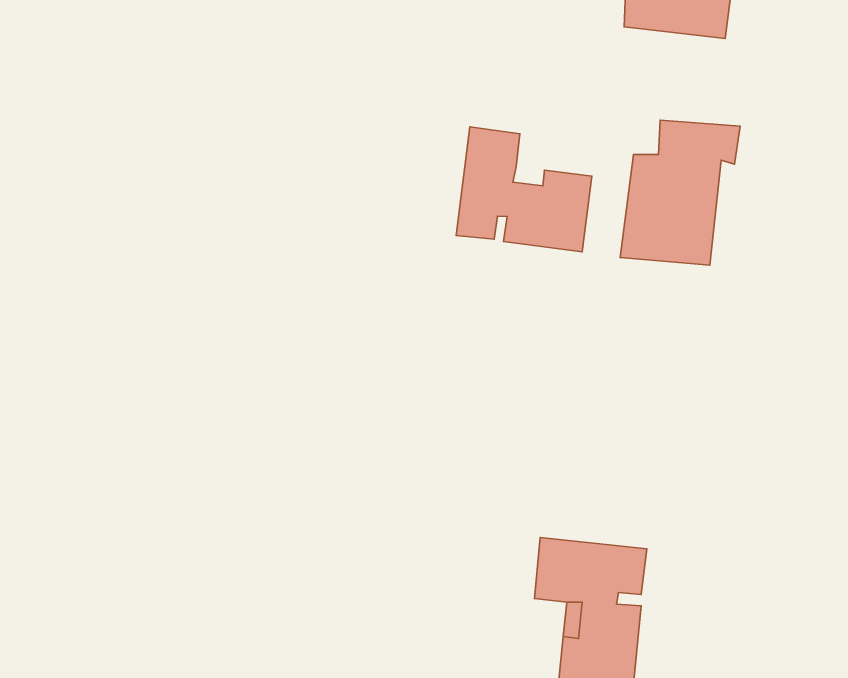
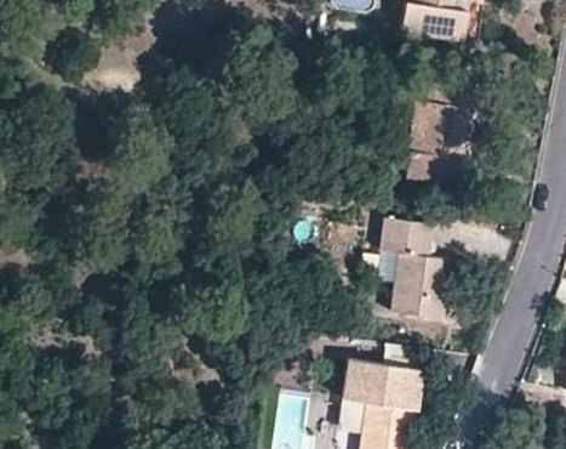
building: [456,127,592,252] -> none
building: none -> [378,215,454,311]

